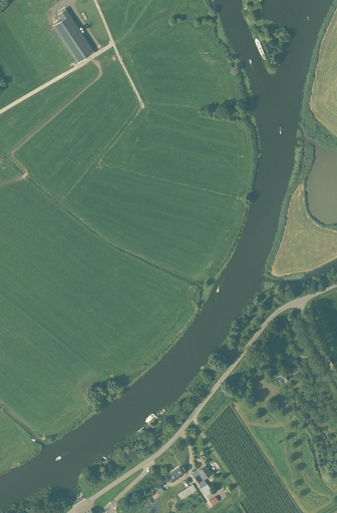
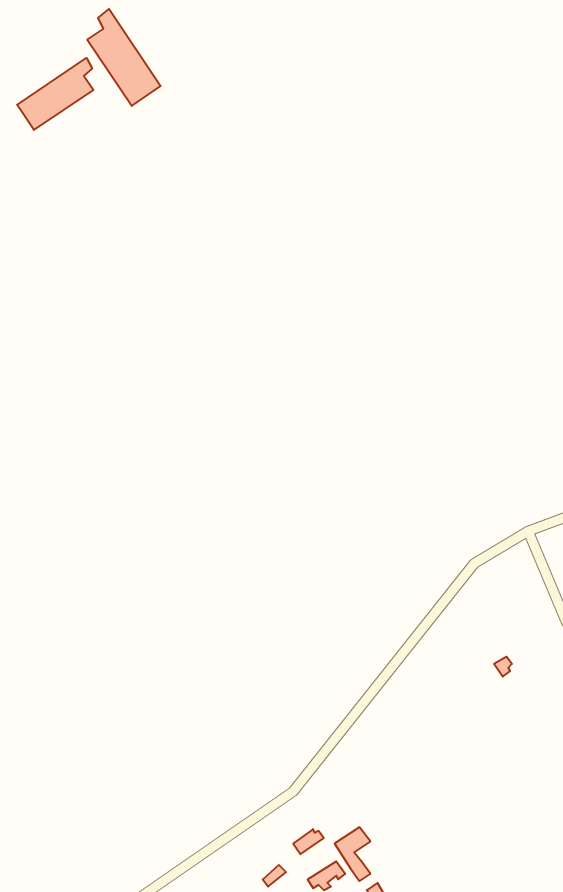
building: none -> [17,58,93,130]

